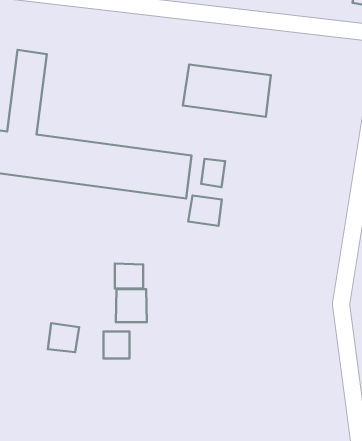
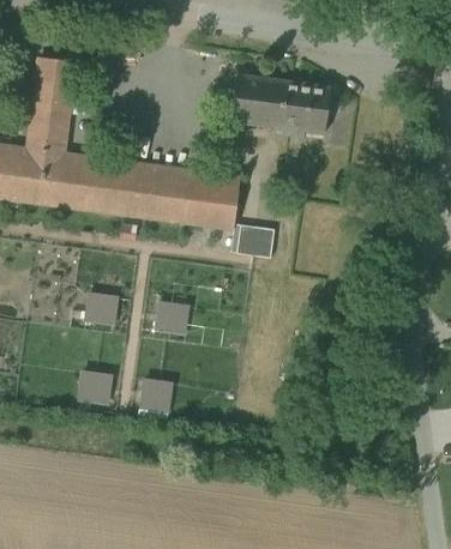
building: [201,159,225,187] -> none
building: none -> [84,292,118,325]
building: [116,289,147,322] -> none

